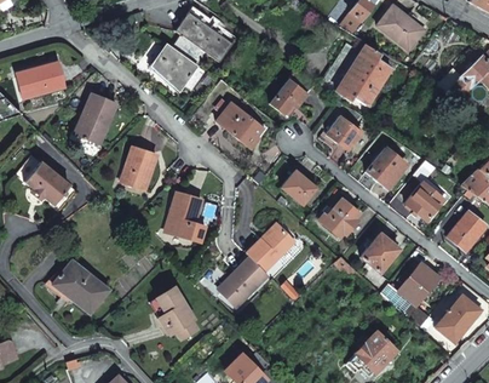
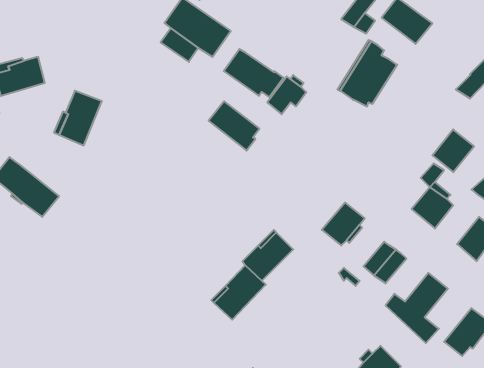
building: [151,44,207,88] -> [224,49,284,97]
building: [327,115,363,149] -> none
building: [125,145,157,189] -> none
building: [367,147,405,187] -> [432,129,474,172]
building: [282,170,317,204] -> none
building: [169,190,207,240] -> none
building: [53,259,110,313] -> none
building: [156,286,197,338] -> none

